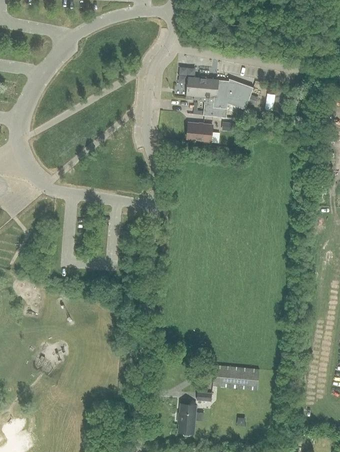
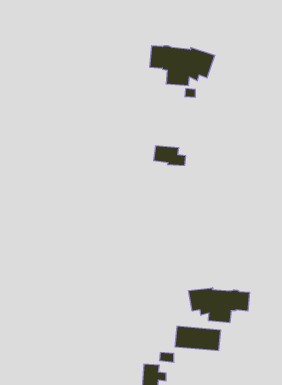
building: [186,122,219,142] -> [154,146,186,165]
building: none -> [189,288,250,323]

